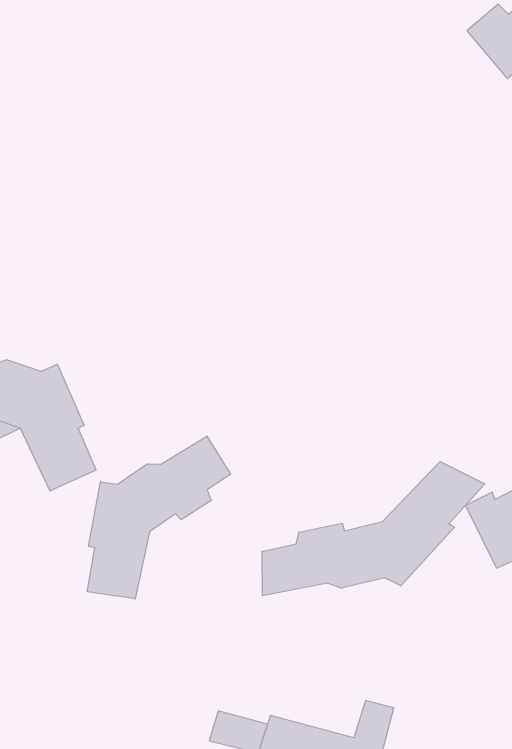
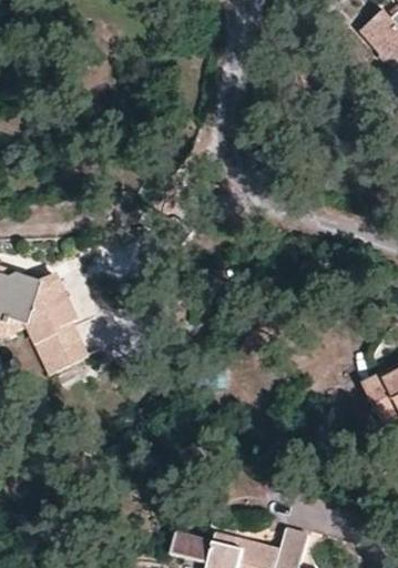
building: [87,436,231,599] -> none
building: [262,462,485,596] -> none

